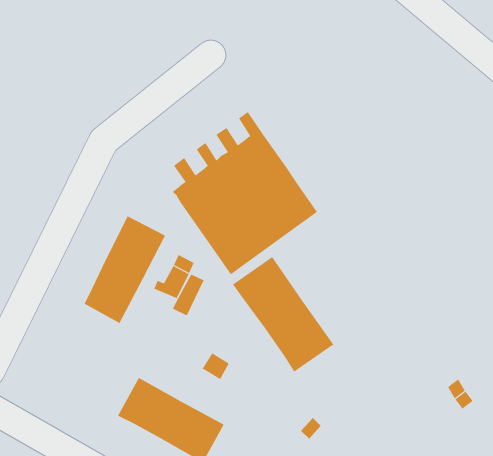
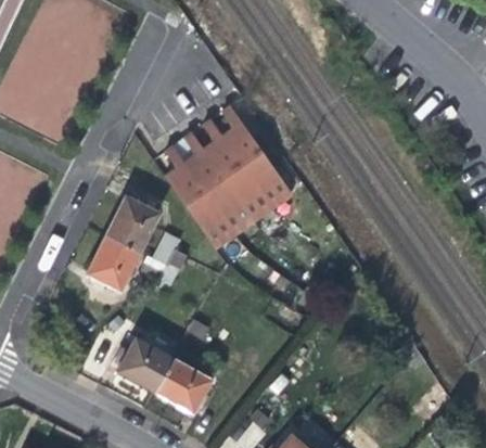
building: [232,256,334,373] -> none

